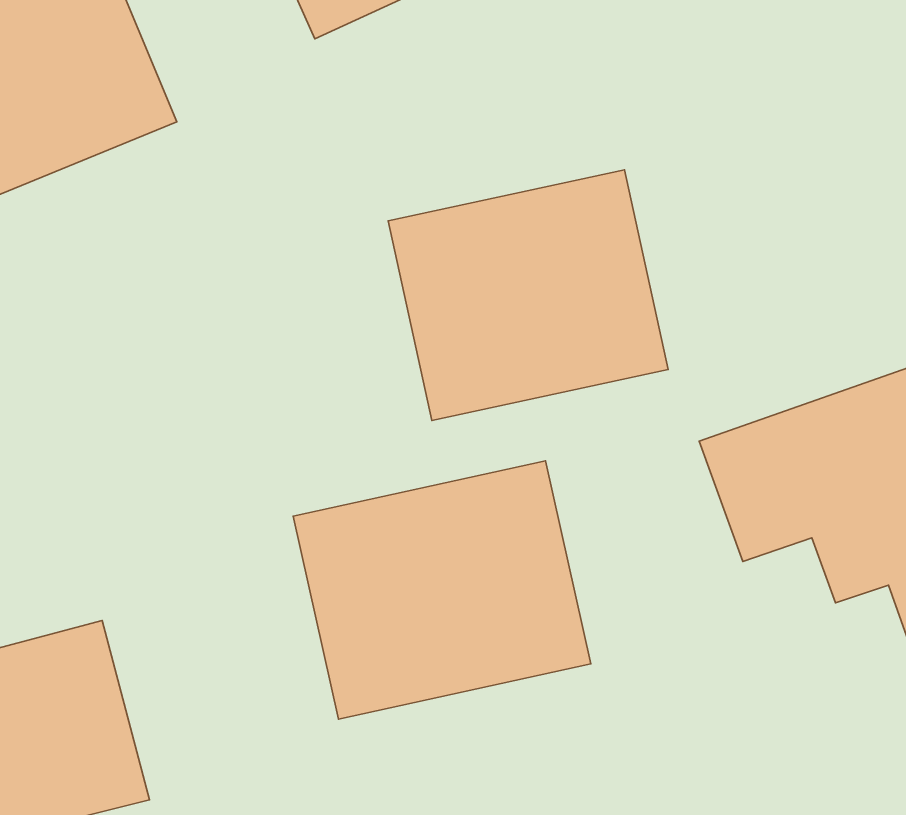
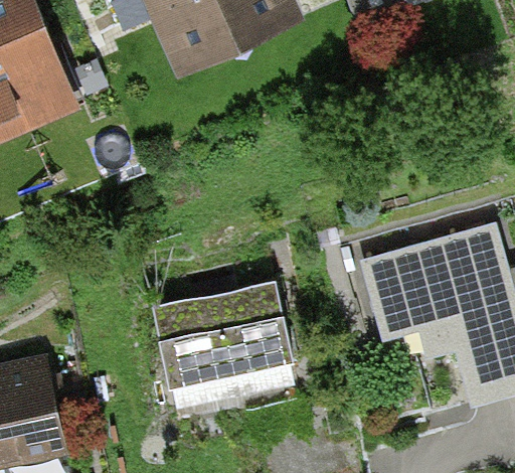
building: [388,170,668,421] -> none

